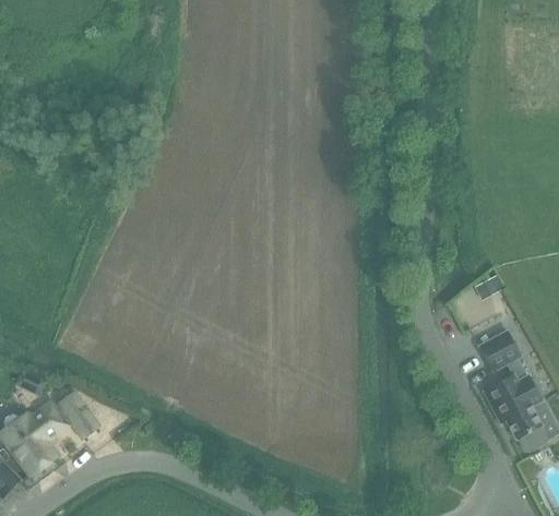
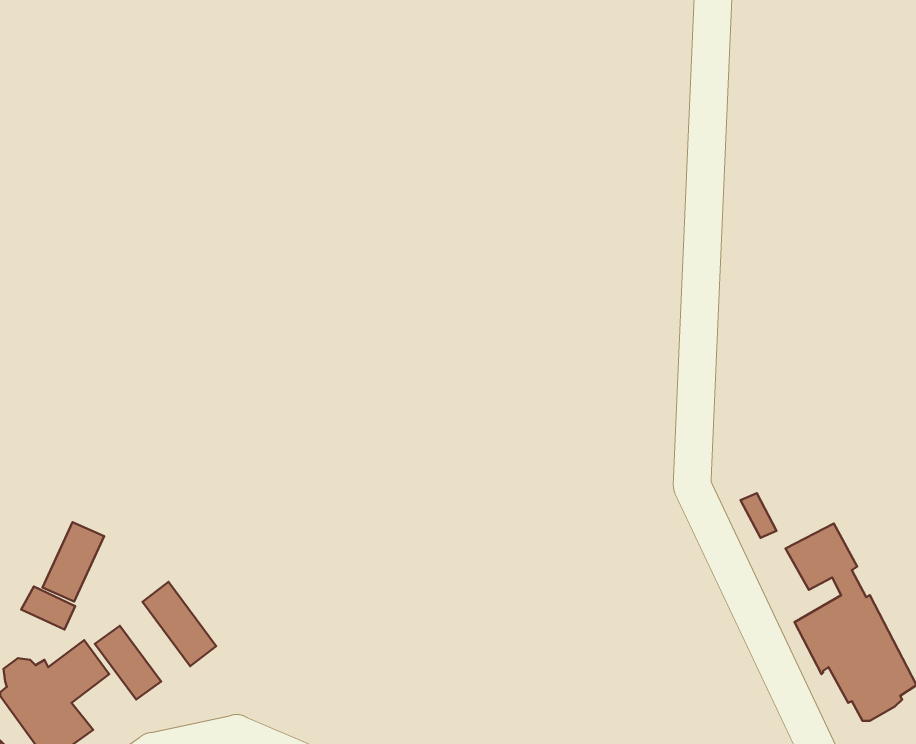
building: none -> [43,522,104,601]
building: none -> [143,582,216,666]

